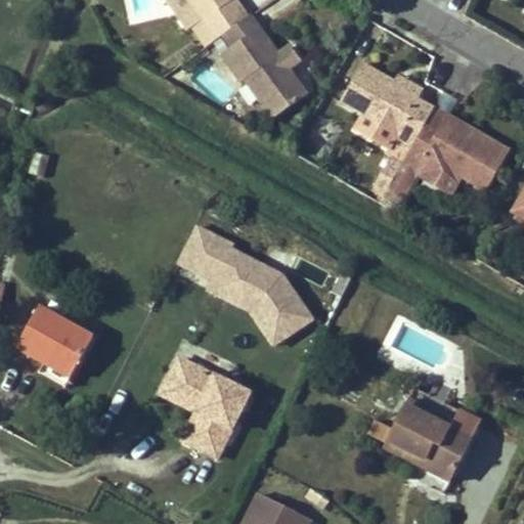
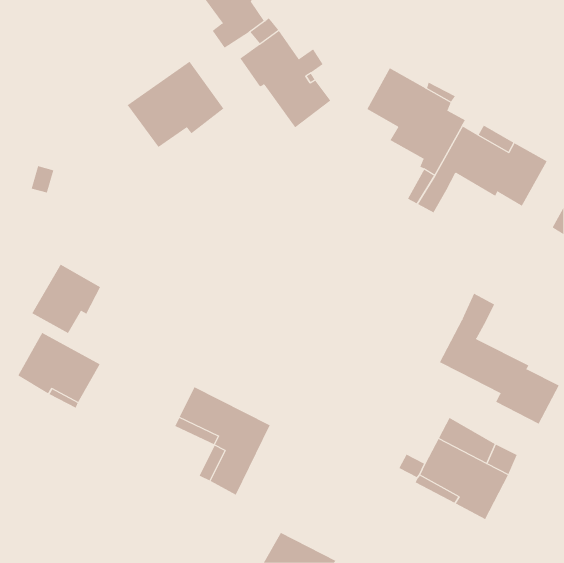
building: none -> [127,61,224,148]
building: [178,226,311,337] -> none
building: none -> [31,264,101,334]
building: none -> [439,293,559,425]

